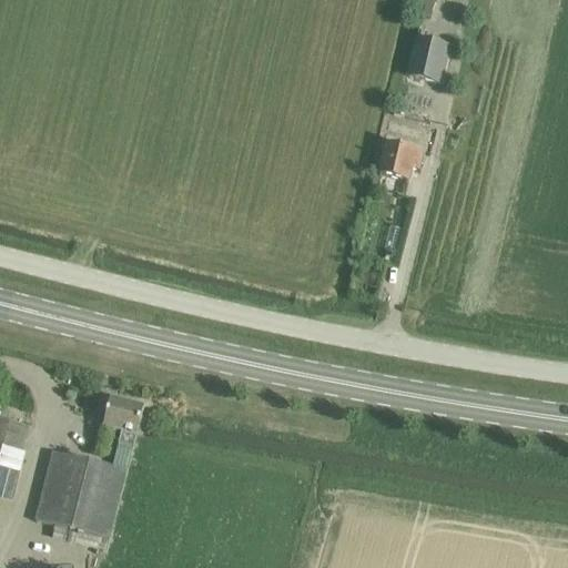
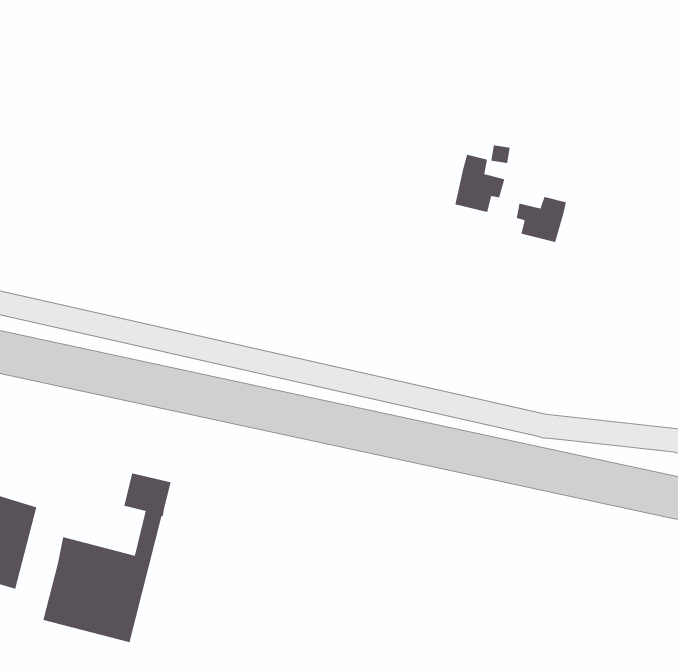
building: [406,36,449,80] -> none
building: none -> [516,196,567,243]

